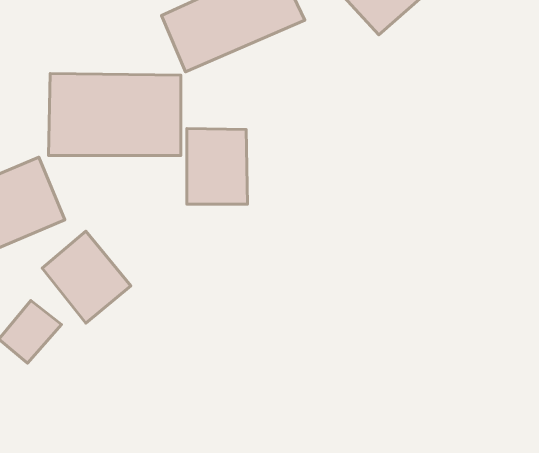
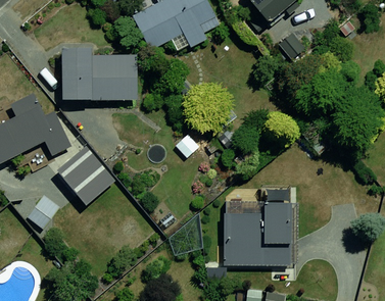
building: [187,128,248,204] -> none
building: none -> [231,180,297,250]

